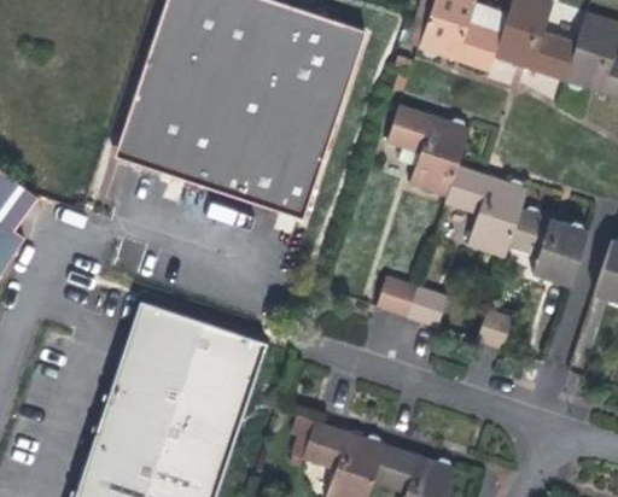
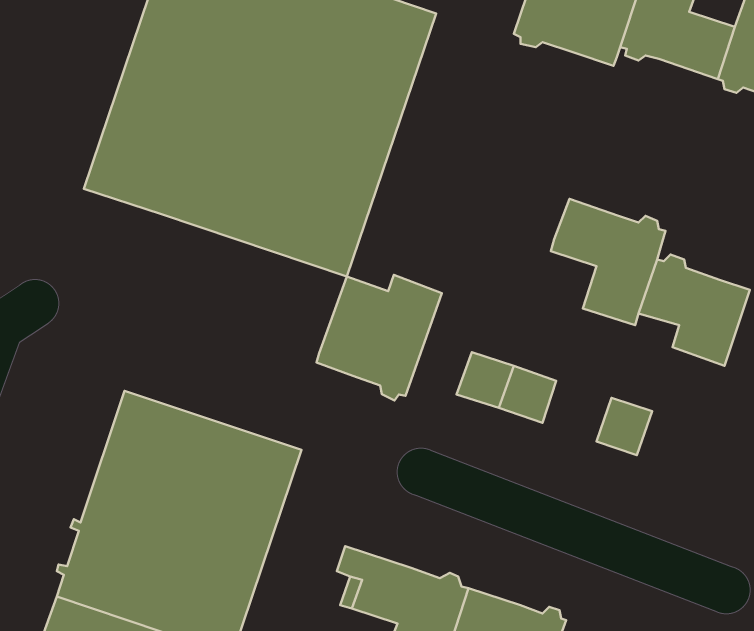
building: [389,104,471,194] -> none
building: none -> [316,275,442,401]

